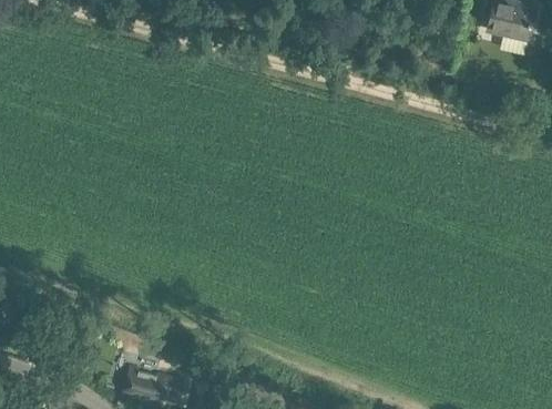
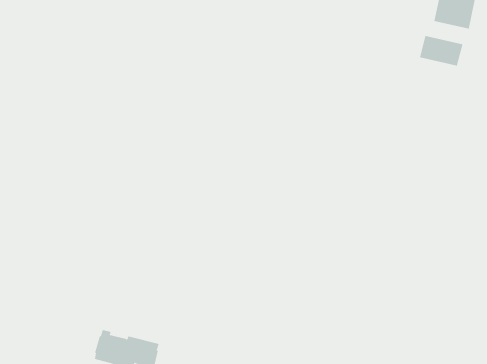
building: none -> [419,35,463,66]

